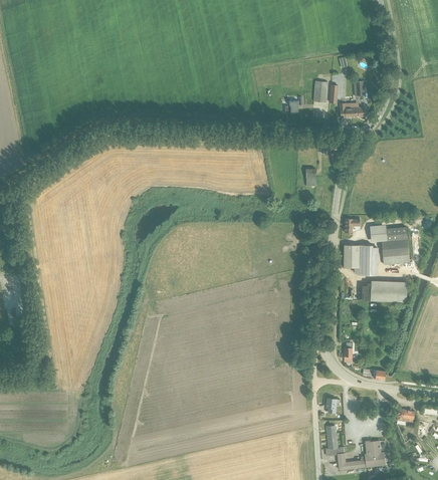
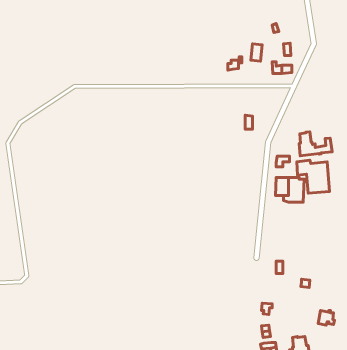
building: none -> [299,132,332,156]
building: [370,279,406,300] -> none

